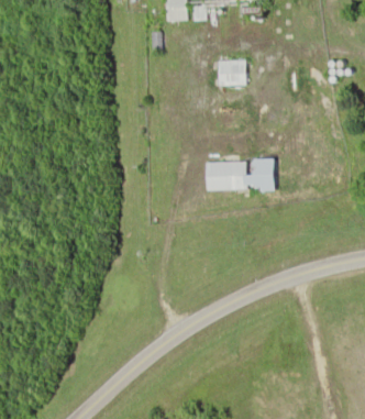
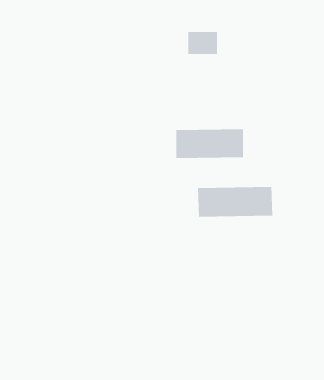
building: none -> [197,186,273,217]

